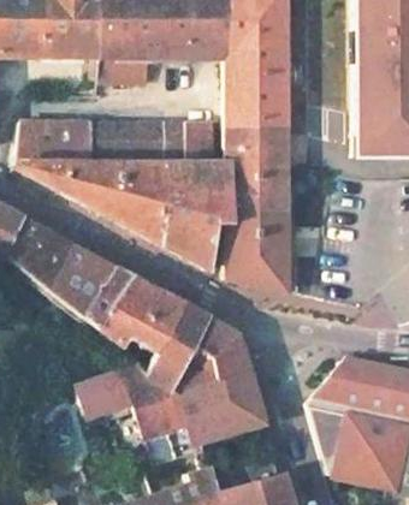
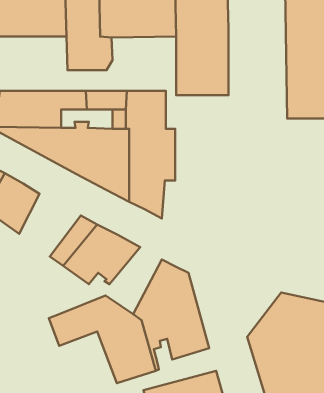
building: [225,125,289,291] -> none
building: [43,240,115,314] -> none
building: [148,303,211,381] -> none

